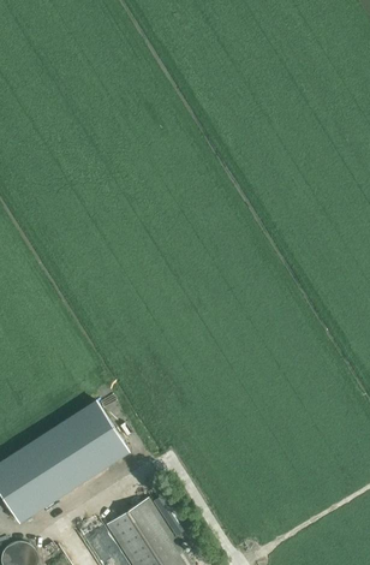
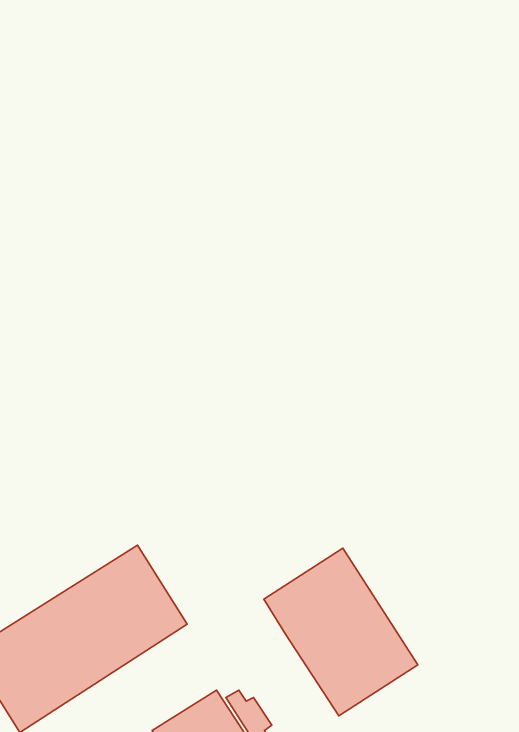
building: none -> [264,548,418,716]

